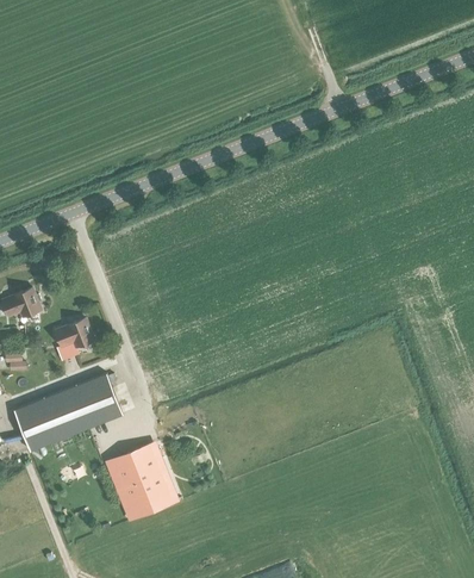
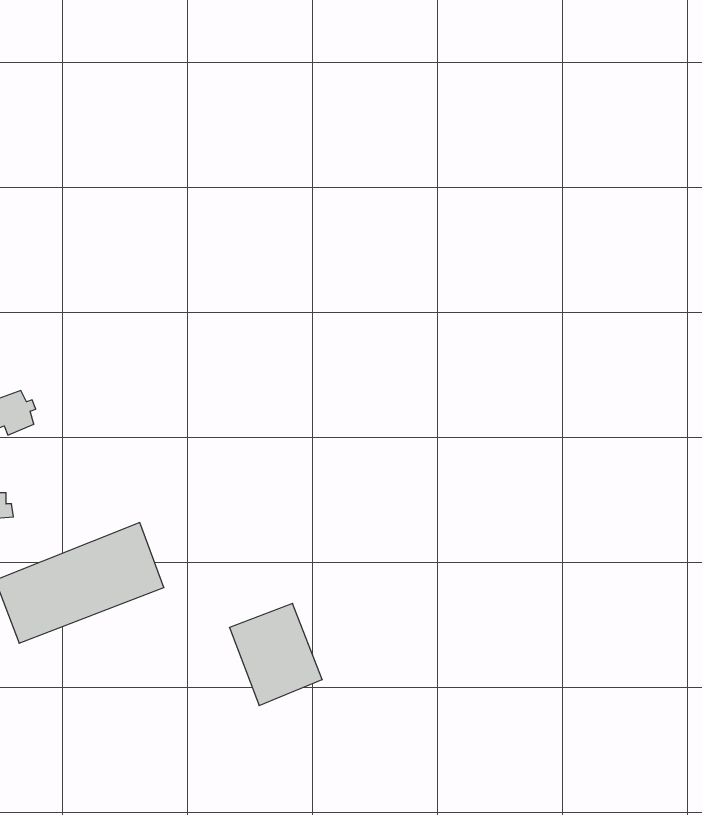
building: [54,319,93,348] -> none
building: [110,447,169,512] -> [229,603,322,706]

